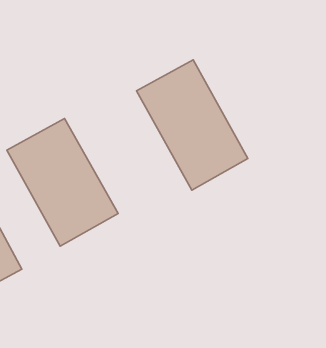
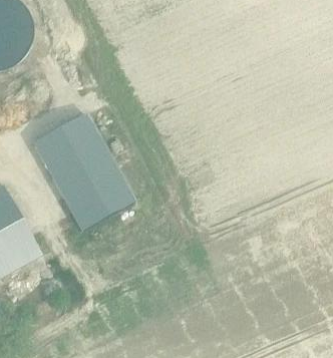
building: [137,60,248,190] -> none

